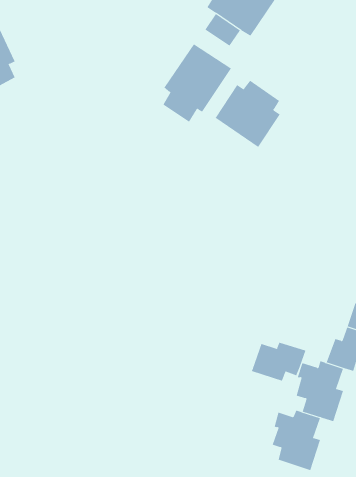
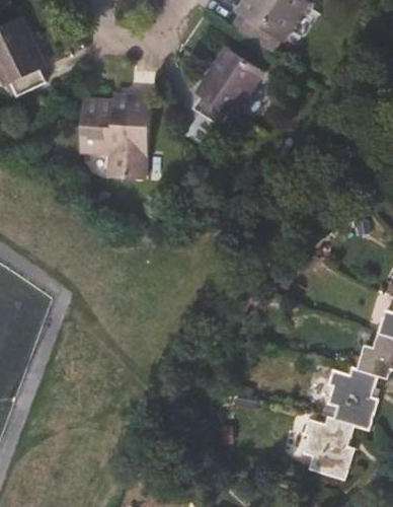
building: [215,80,281,148] -> none
building: none -> [81,96,149,178]
building: [251,342,306,382] -> none

